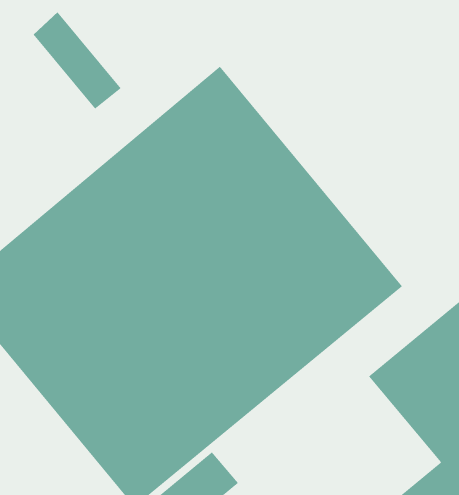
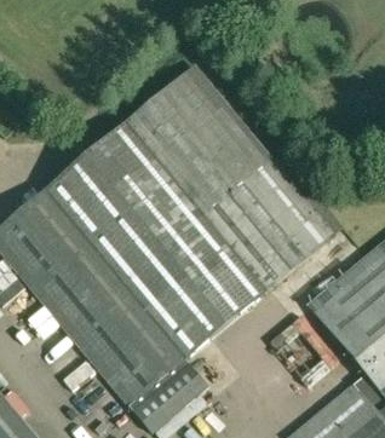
building: [33,12,121,109] -> none

